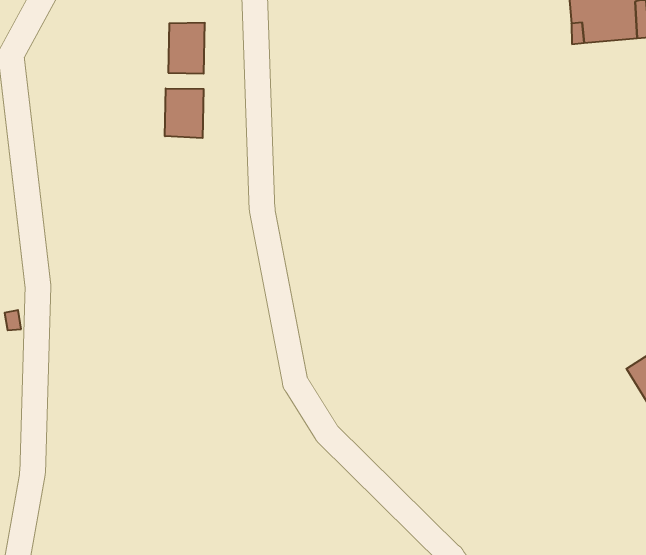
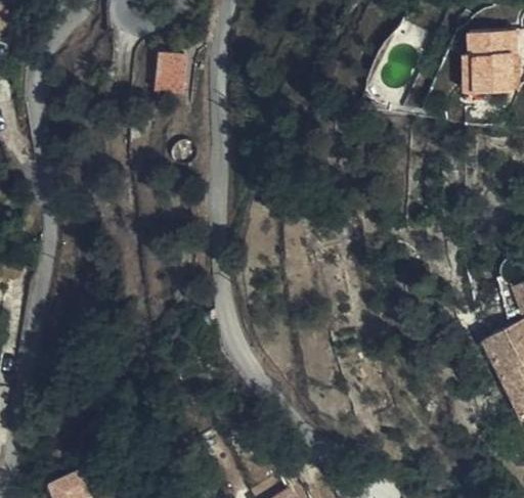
building: [165,88,204,138] -> none

